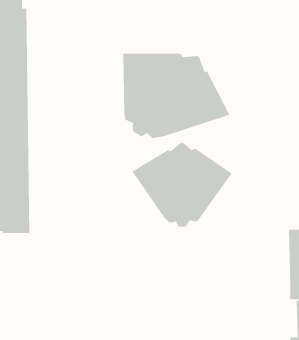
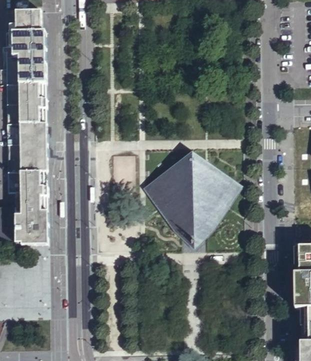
building: [123,53,230,139] -> none

